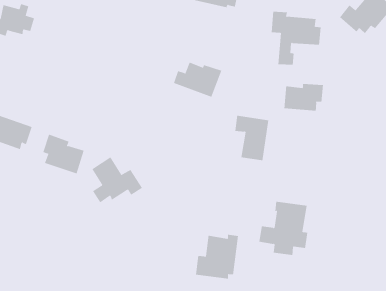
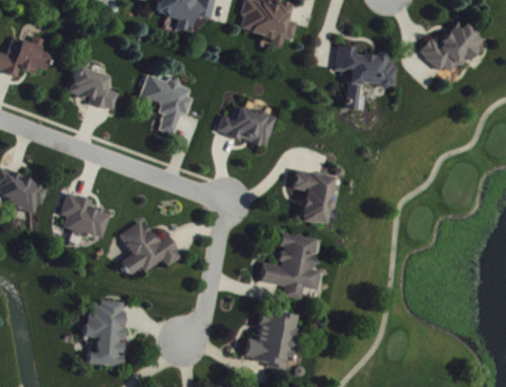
building: none -> [70,65,120,110]
building: none -> [140,73,193,135]
building: [284,83,323,112] -> none
building: [259,201,308,255] -> [260,233,319,298]
building: none -> [85,300,125,366]

